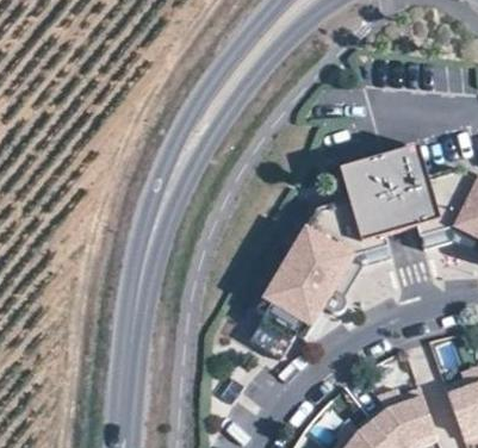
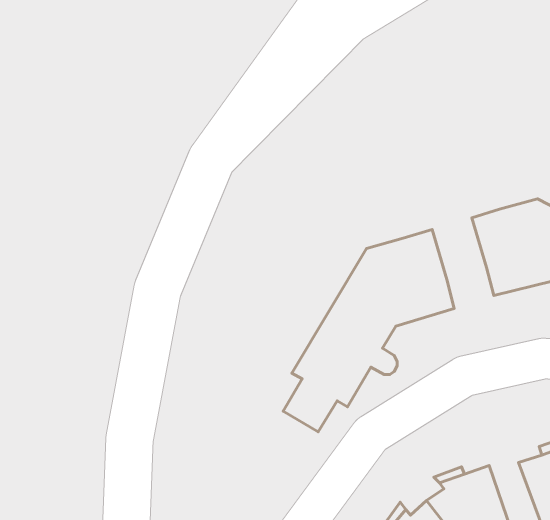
building: [342,145,429,234] -> none

